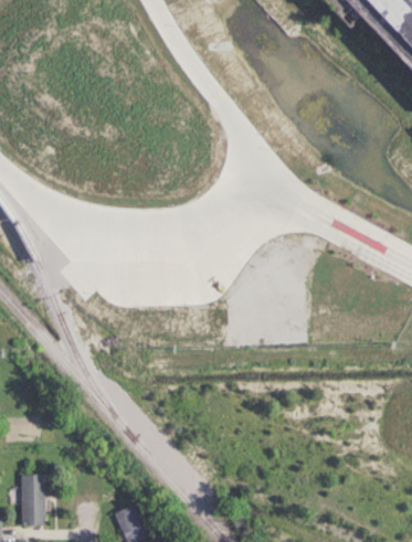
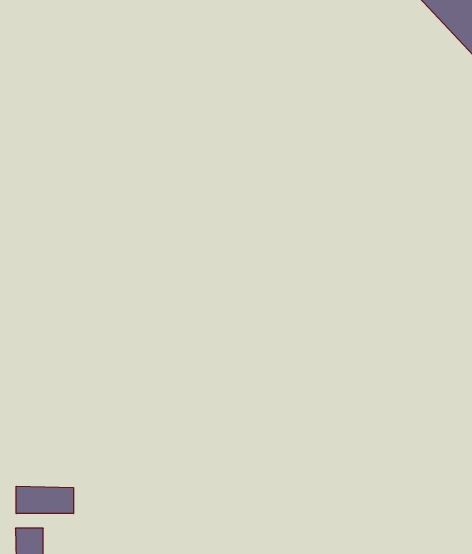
building: none -> [16,486,73,514]

